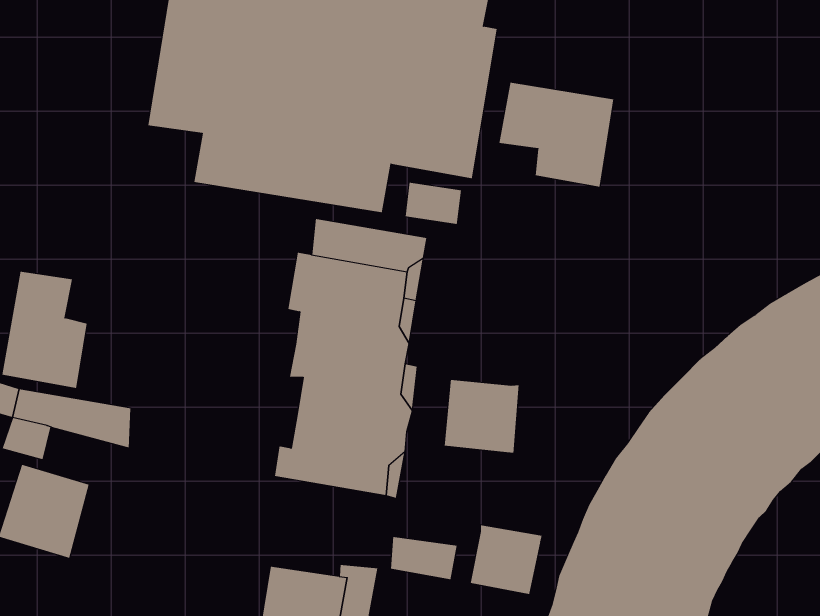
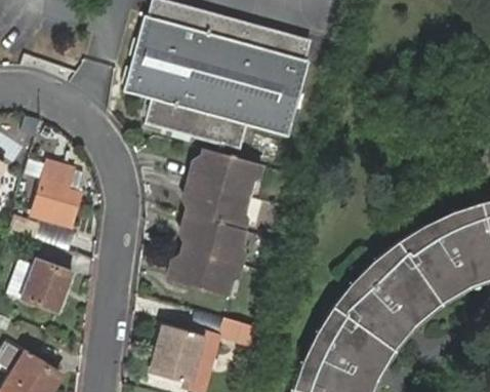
building: [499,82,614,187] -> none
building: [444,379,519,454] -> none
building: [470,524,542,595] -> none

